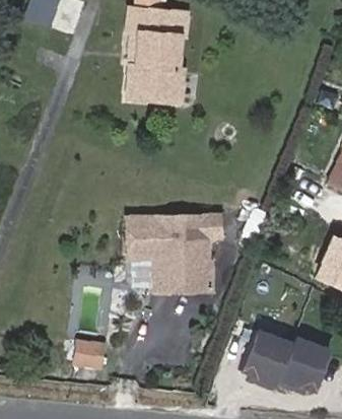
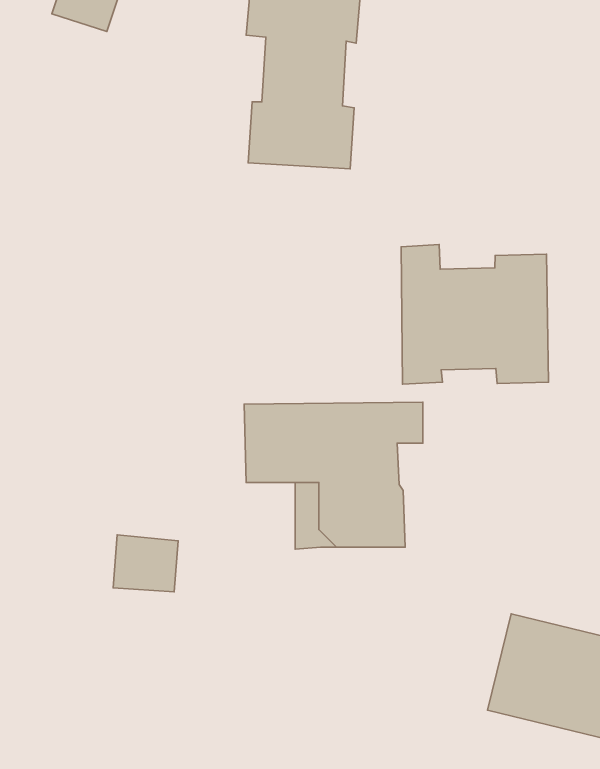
building: none -> [401,244,548,384]
building: [77,338,111,367] -> [113,535,178,592]

